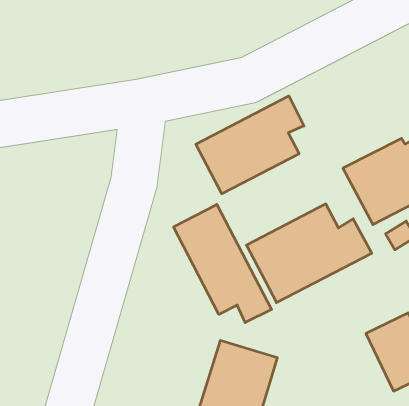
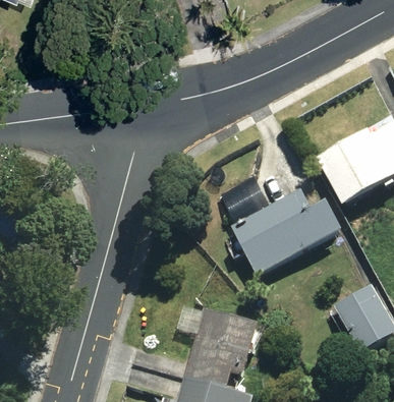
building: [196,96,304,194] -> none
building: [174,204,272,323] -> none

